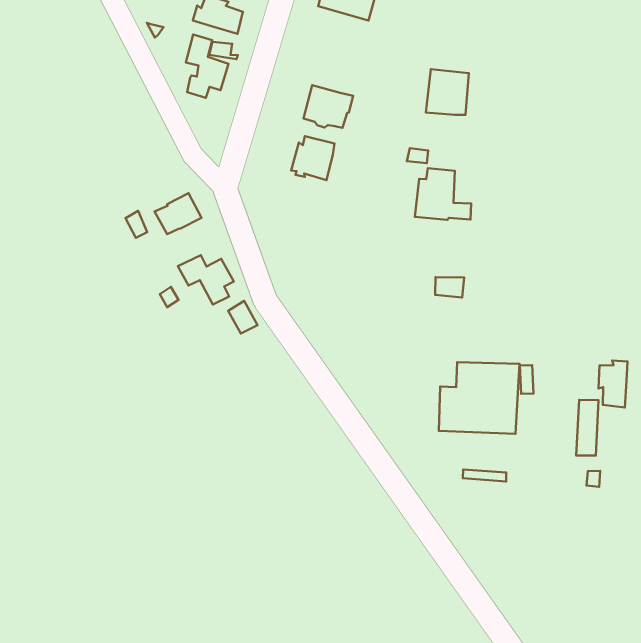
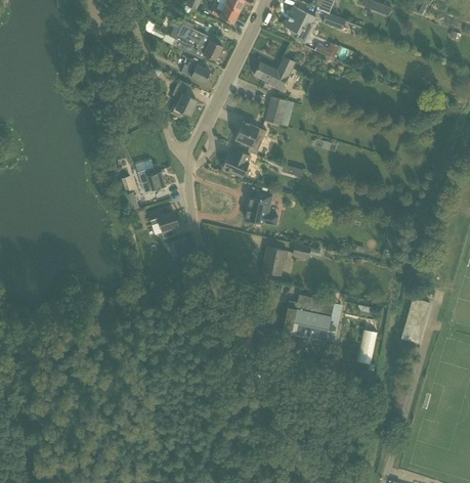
building: [426,69,469,115] -> [264,95,293,125]
building: [415,168,471,220] -> [244,190,277,224]
building: none -> [262,246,287,274]
building: [598,361,627,408] -> none

